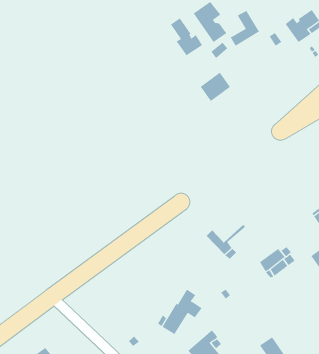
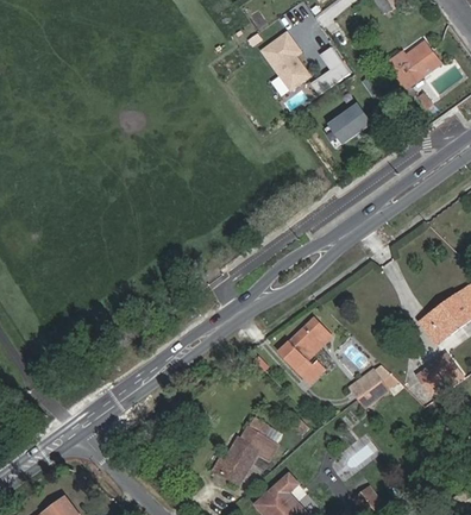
building: [170,18,203,56] -> none
building: [200,72,231,102] -> [329,102,371,143]
building: none -> [288,316,329,357]

